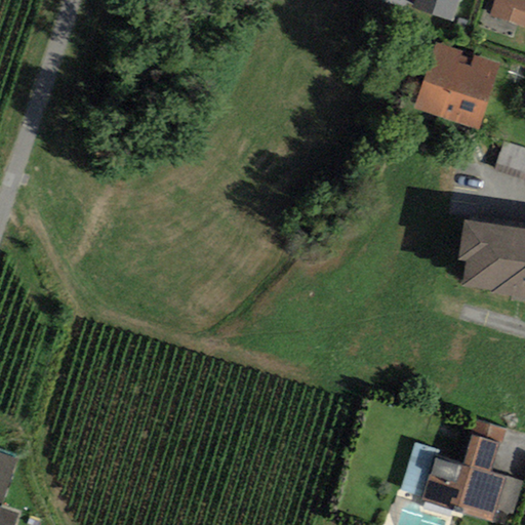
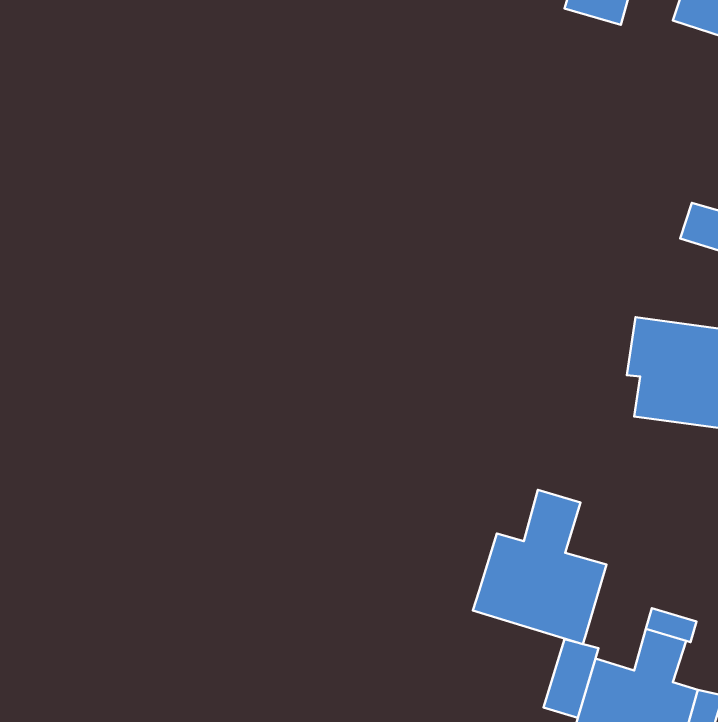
building: [411,42,500,130] -> none
building: none -> [473,490,606,644]

